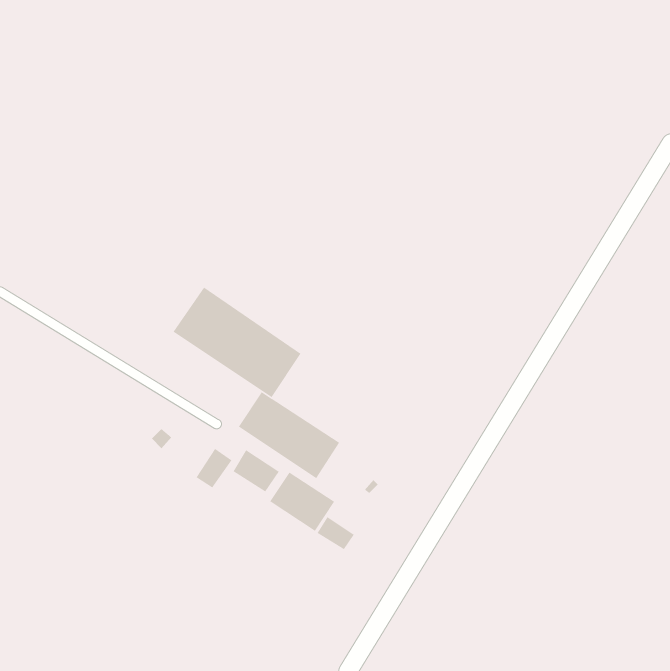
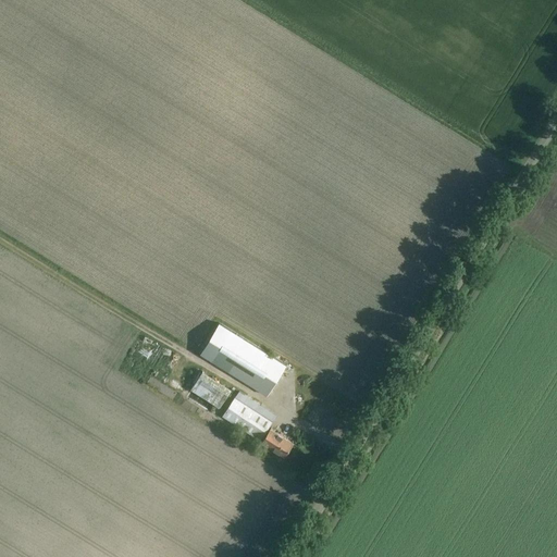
building: [172,286,302,398] -> none
building: [196,448,232,488] -> none

